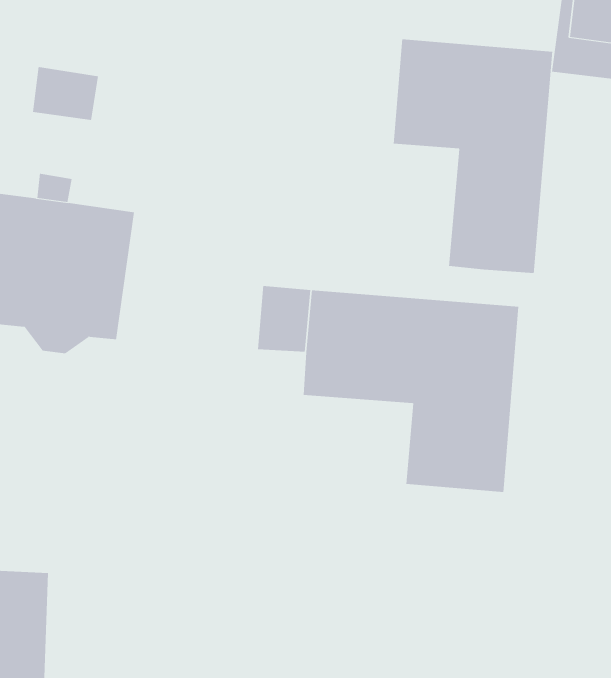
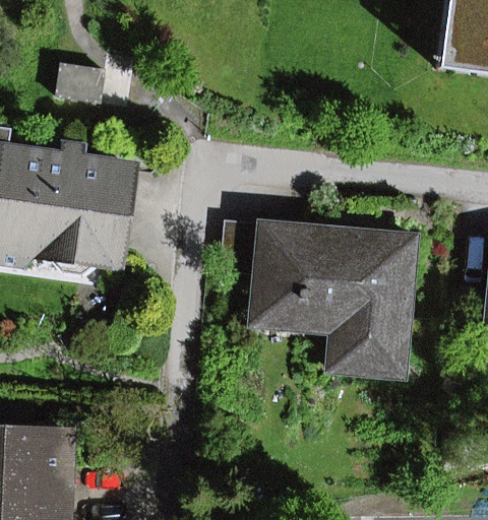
building: [393,39,553,274] -> none

